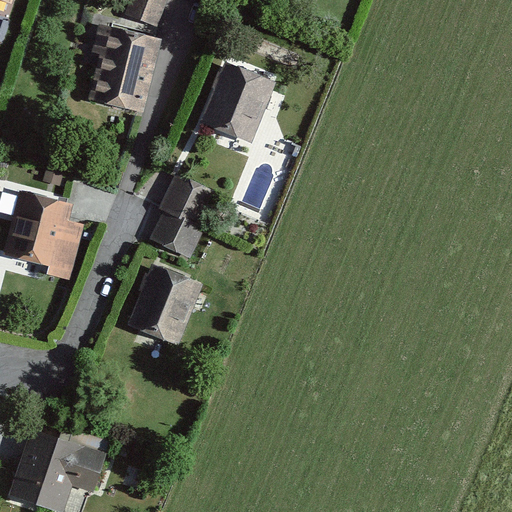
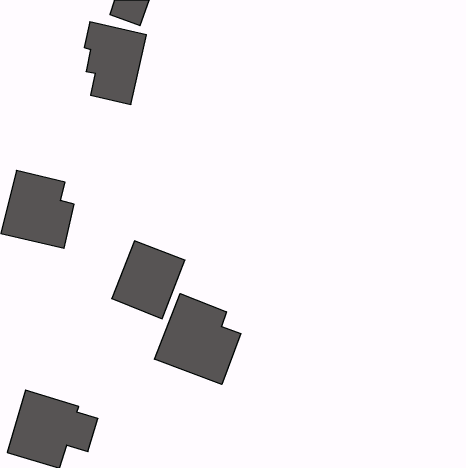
building: [200,61,275,143] -> none
building: [148,174,215,255] -> none
building: none -> [154,294,241,384]

